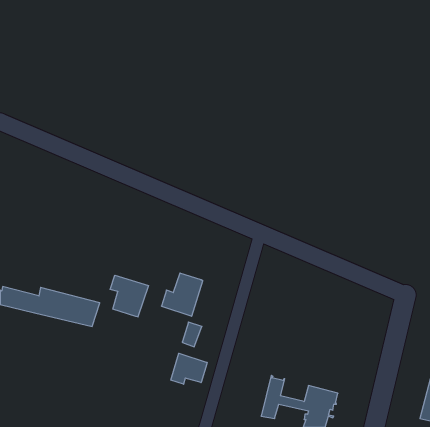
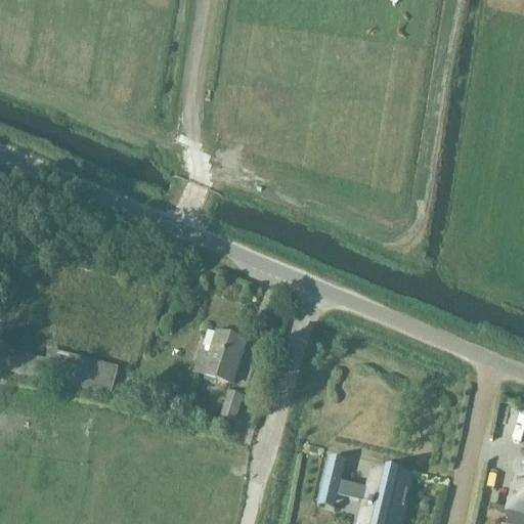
building: [110,275,148,317] -> none
building: [171,353,207,384] -> none

